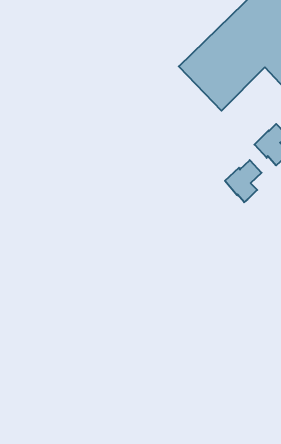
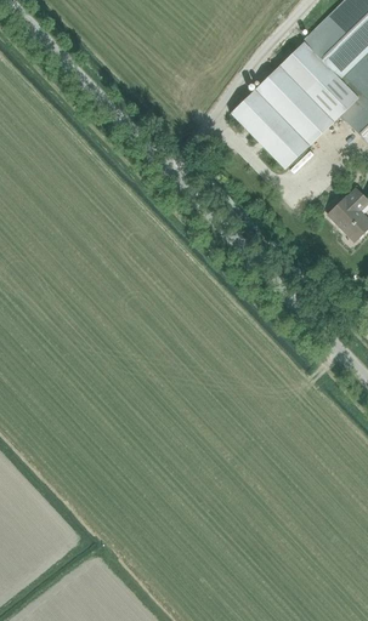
building: [225,160,262,202] -> none

